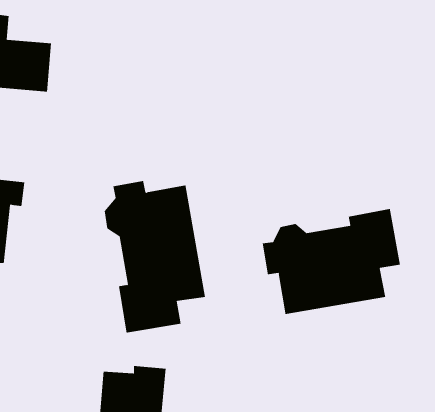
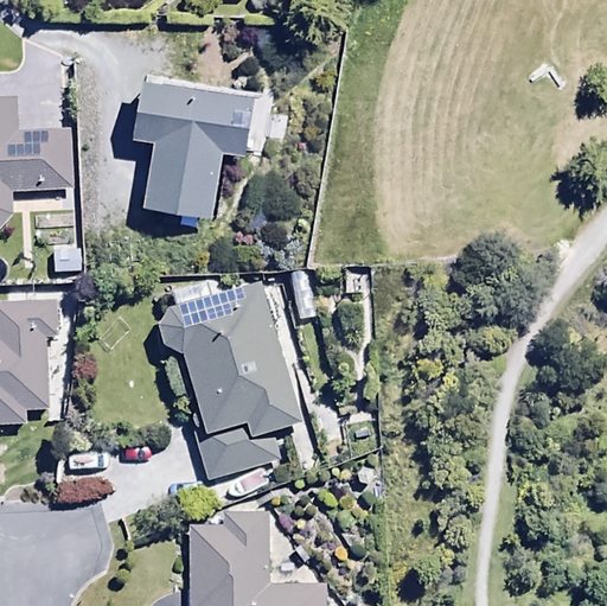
building: none -> [138,82,255,221]
building: [262,208,400,315] -> none

